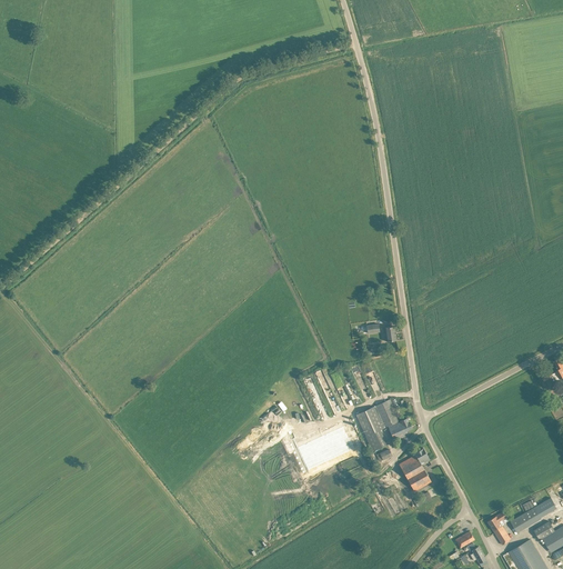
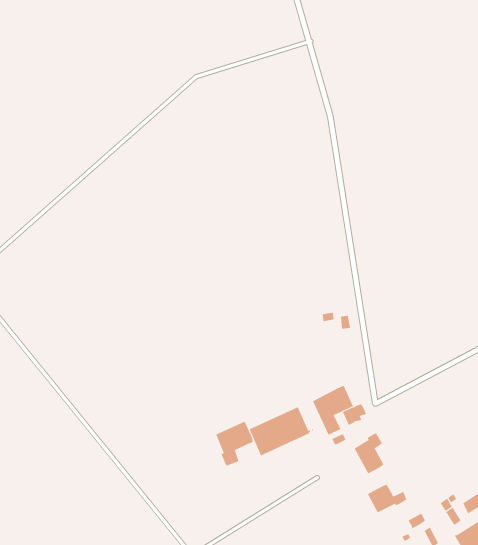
building: none -> [216,421,254,466]
building: none -> [367,484,407,513]

